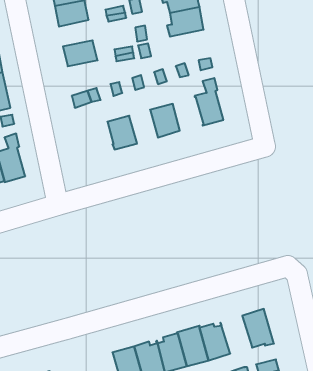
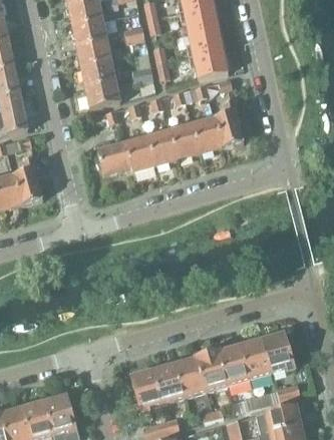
building: none -> [76,39,110,66]
building: none -> [189,49,228,78]
building: none -> [85,80,119,107]
building: none -> [192,117,223,151]
building: none -> [147,130,177,164]
building: none -> [97,142,131,173]
building: none -> [240,339,272,377]

